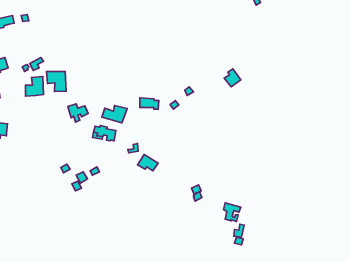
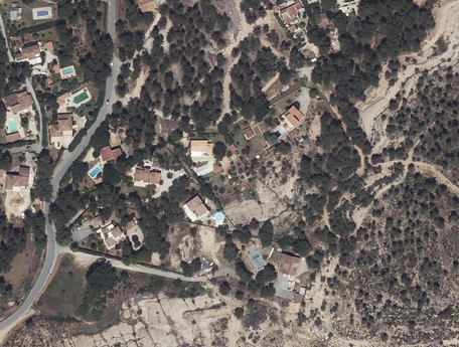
building: [46,71,66,91] -> none
building: [102,105,127,123] -> none

